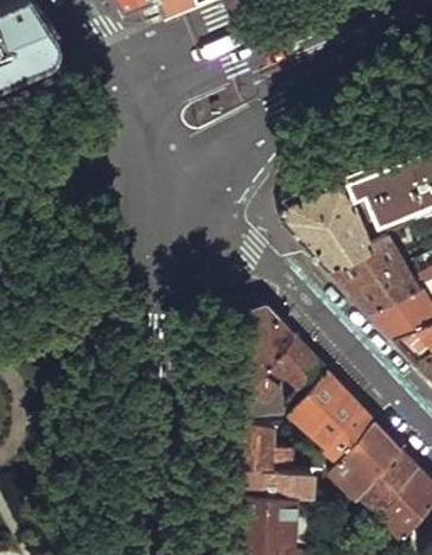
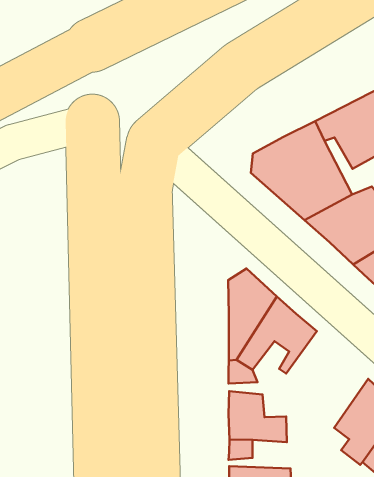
building: [299,379,379,483] -> none

